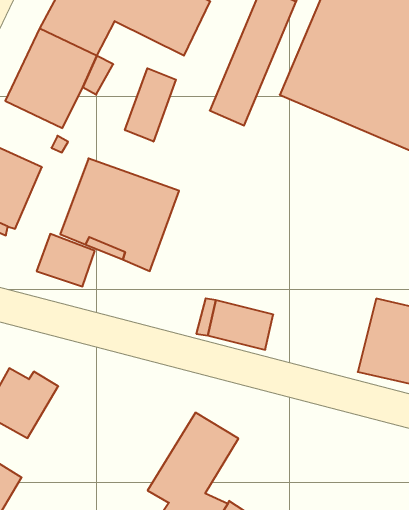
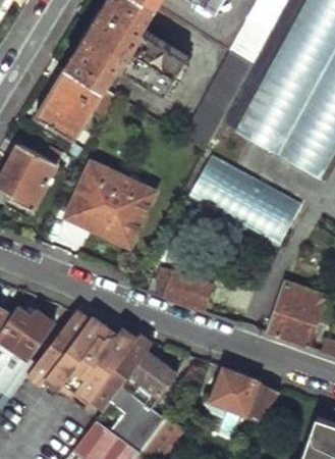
building: [125,68,176,142] -> none
building: none -> [188,158,301,249]
building: none -> [29,311,156,408]
building: none -> [215,370,280,417]

